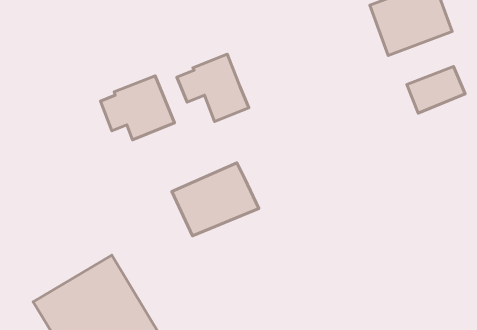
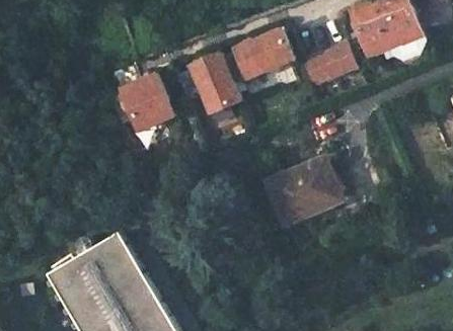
building: none -> [222,30,294,83]
building: [407,66,465,113] -> [302,43,354,84]
building: [172,163,259,236] -> [272,155,349,220]

